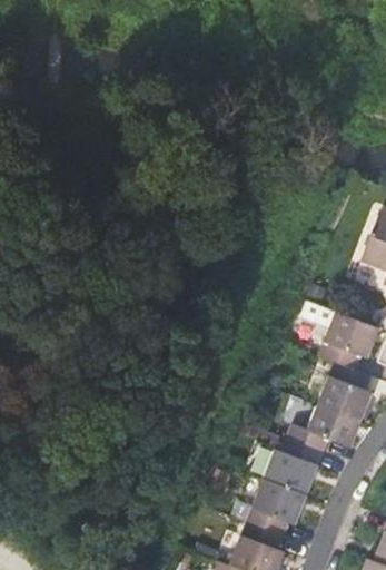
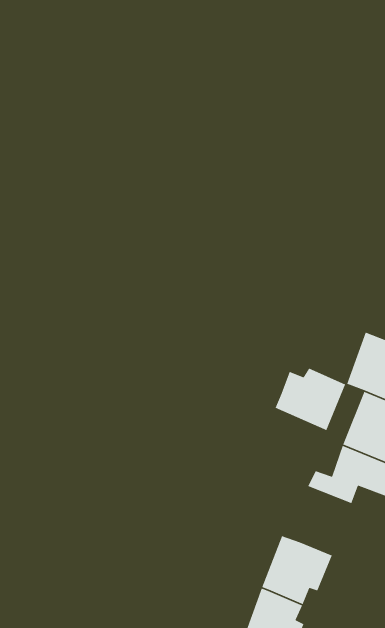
building: none -> [275,367,346,431]
building: [265,440,323,497] -> none

